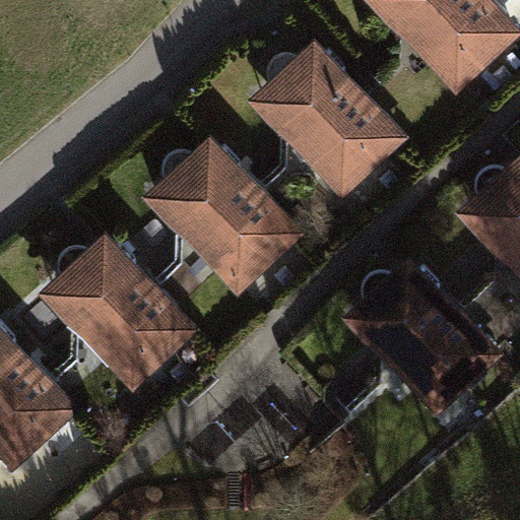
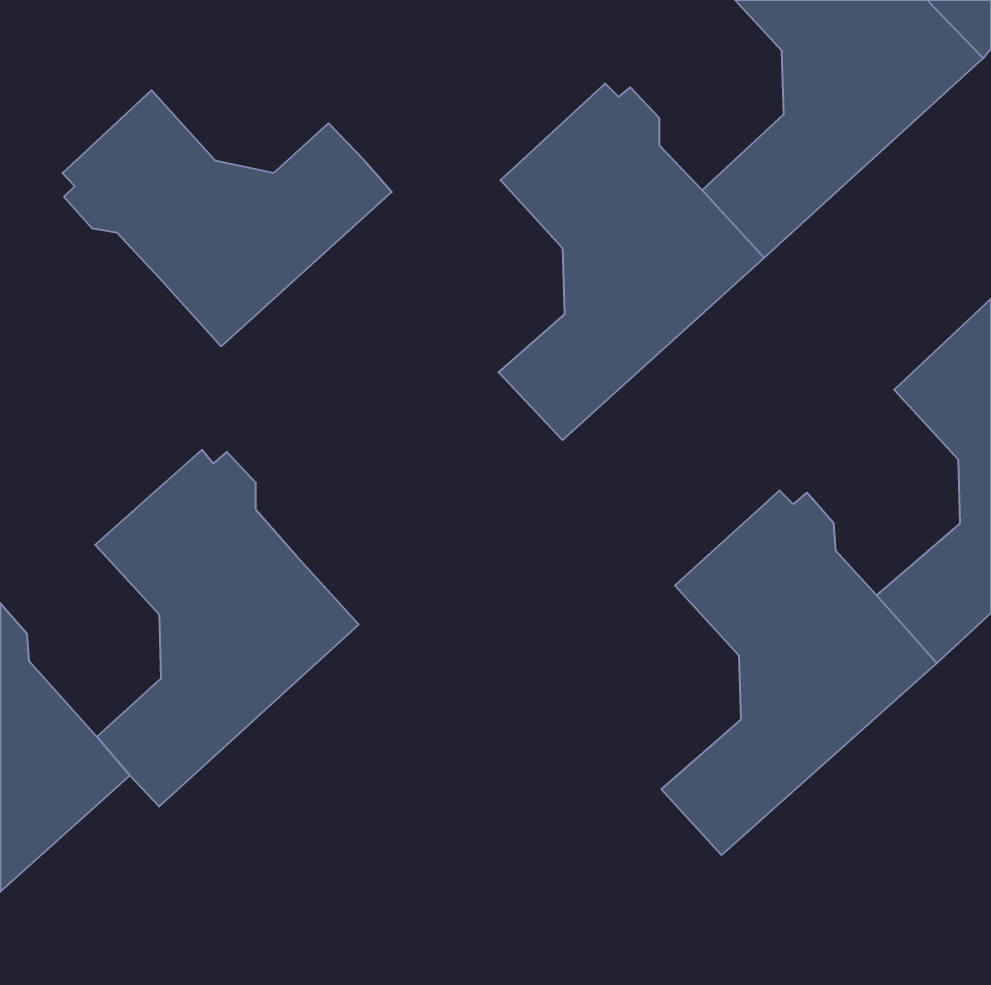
building: none -> [62,90,392,346]
building: [155,143,295,330] -> none

